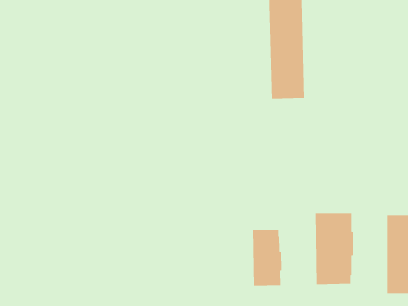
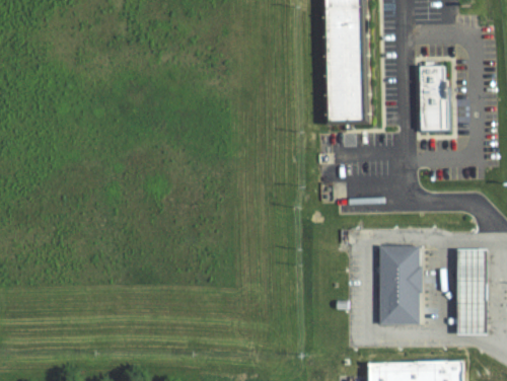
building: none -> [415,63,447,131]
building: [252,229,282,287] -> none

